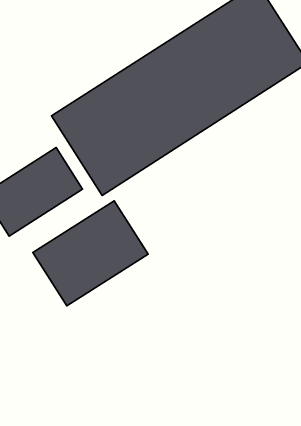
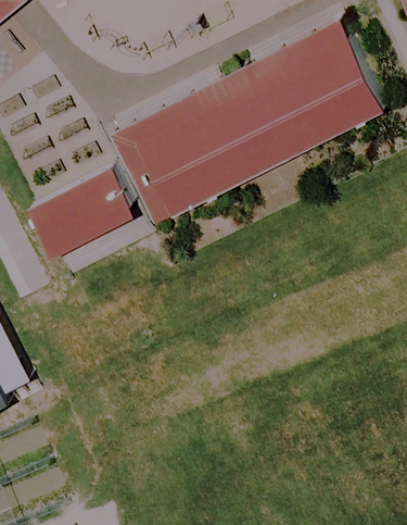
building: [33,201,148,306] -> none

